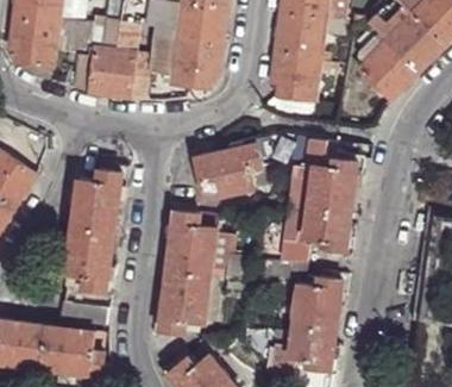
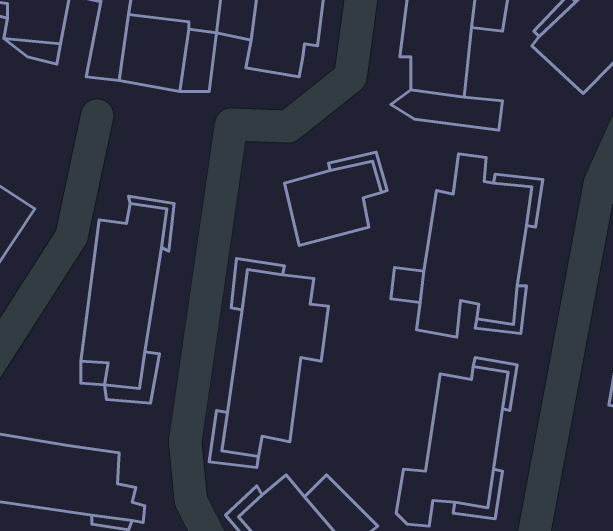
building: [57,300,106,332] -> none

